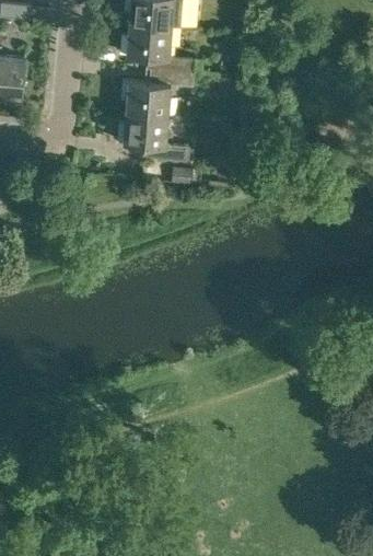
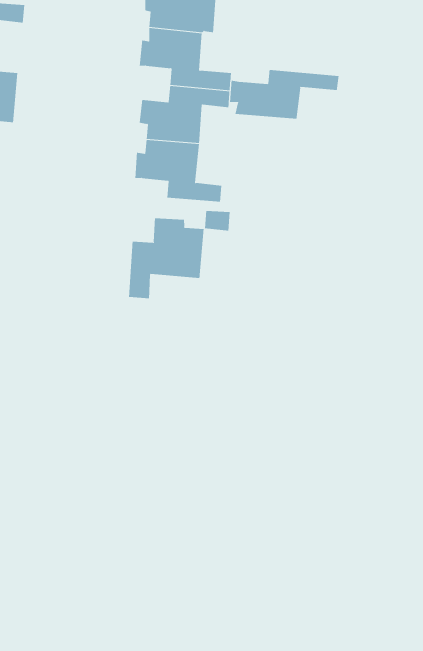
building: none -> [229,69,339,120]
building: none -> [128,218,204,299]

